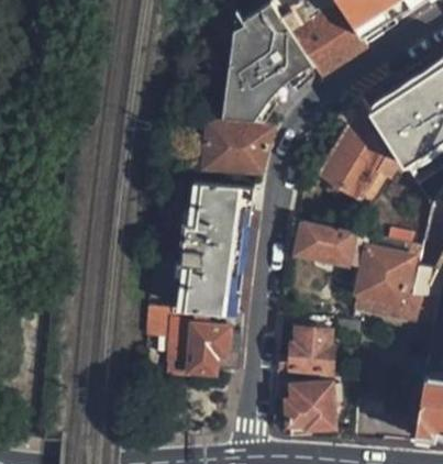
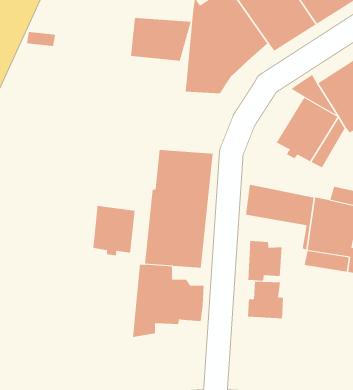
building: [203,122,272,170] -> [130,17,192,61]
building: none -> [93,205,135,256]
building: none -> [248,240,282,281]
building: [288,385,334,434] -> none

